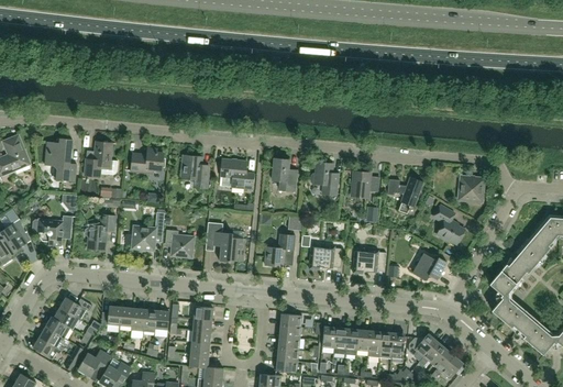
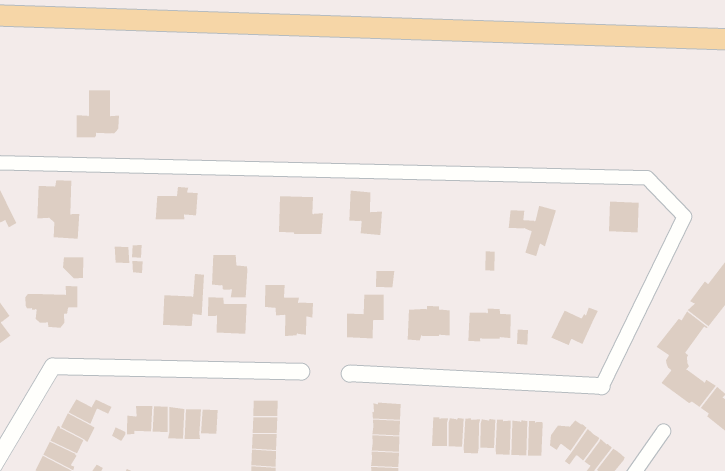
building: [85,142,118,177] -> [76,90,120,138]
building: [181,156,209,189] -> [211,254,248,298]
building: [310,163,339,196] -> none
building: [352,172,379,196] -> none
building: [434,206,465,244] -> none
building: [85,215,115,251] -> none

